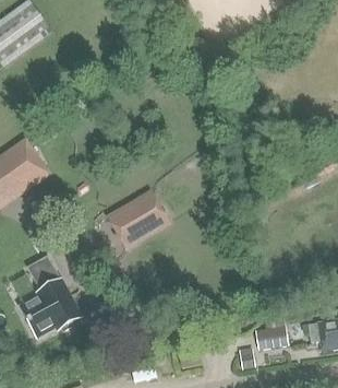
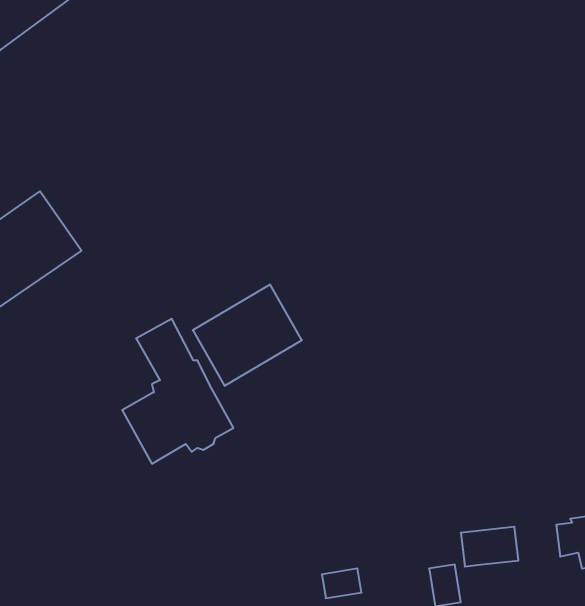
building: [21,257,82,337] -> [122,319,233,464]

